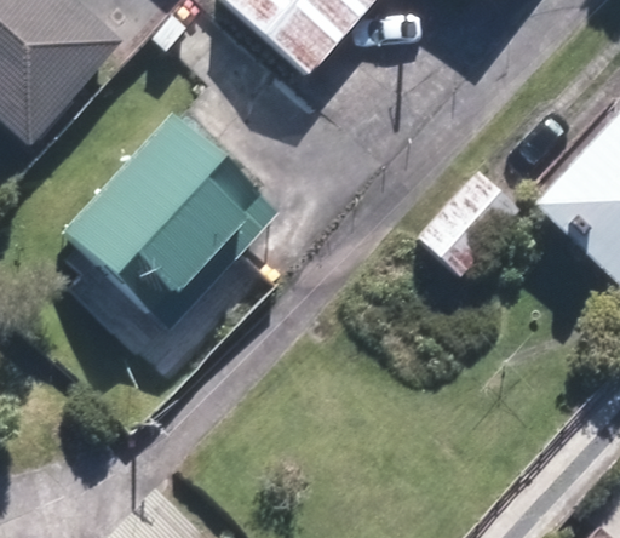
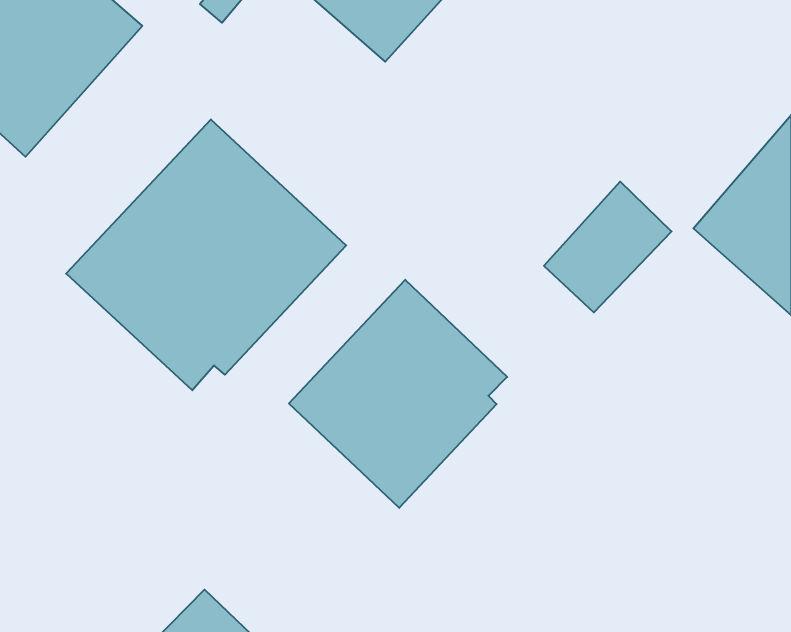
building: none -> [289,280,507,508]

